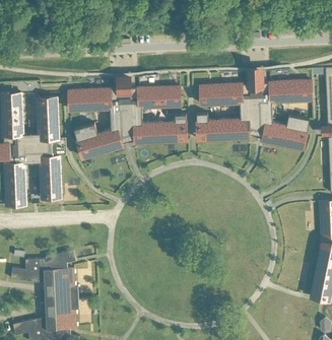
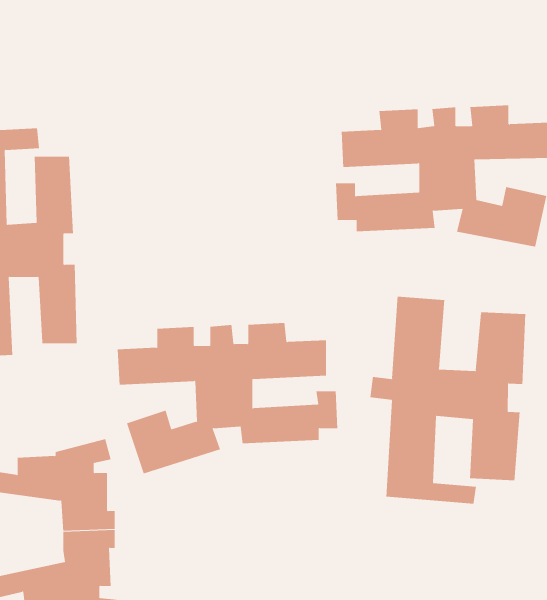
building: [68,77,187,158] -> [117,323,338,474]
building: none -> [370,296,526,505]

